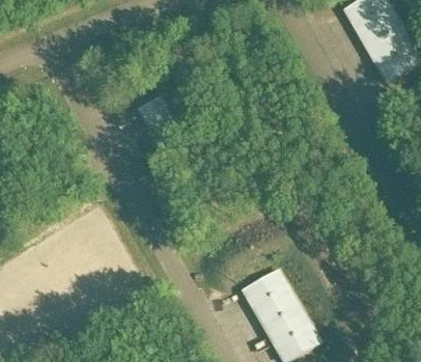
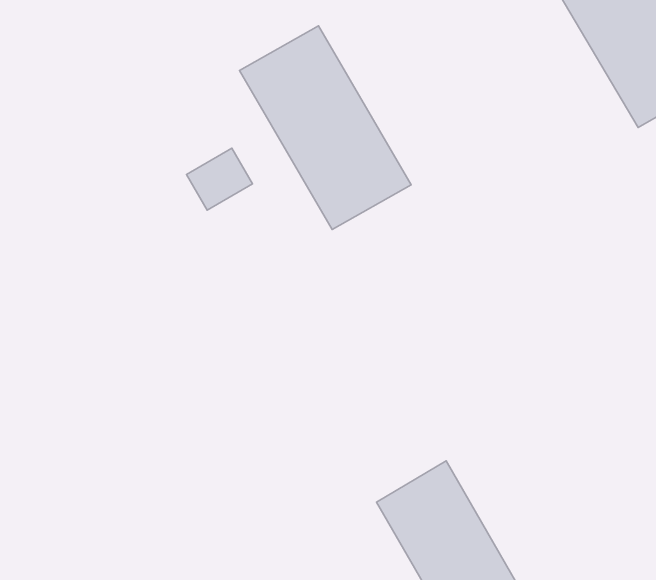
building: none -> [240,26,411,230]

